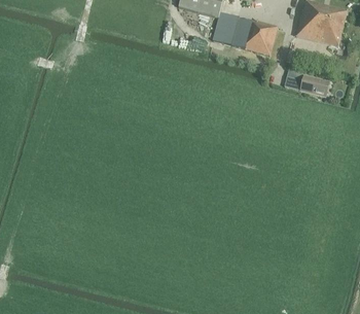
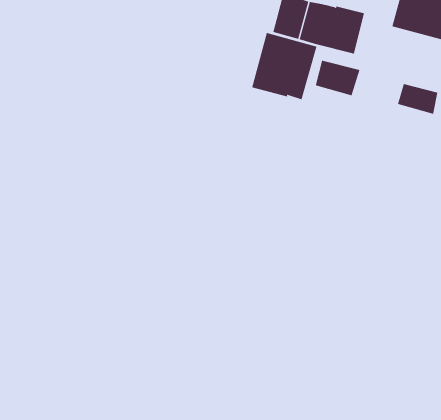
building: none -> [251,32,317,100]
building: none -> [315,60,360,96]

